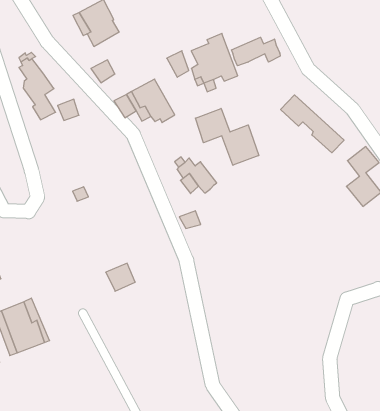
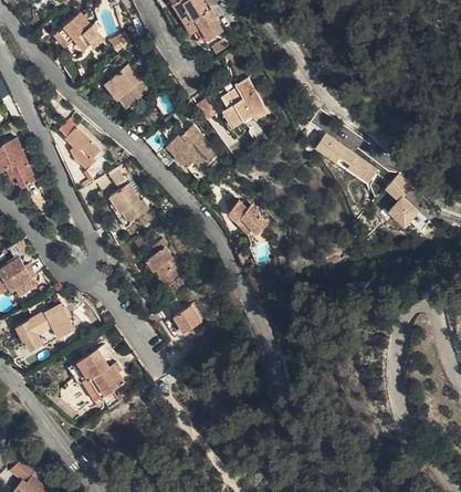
building: [232,37,280,66] -> none
building: [195,108,259,165] -> none
building: none -> [105,182,144,227]
building: none -> [144,241,174,284]

